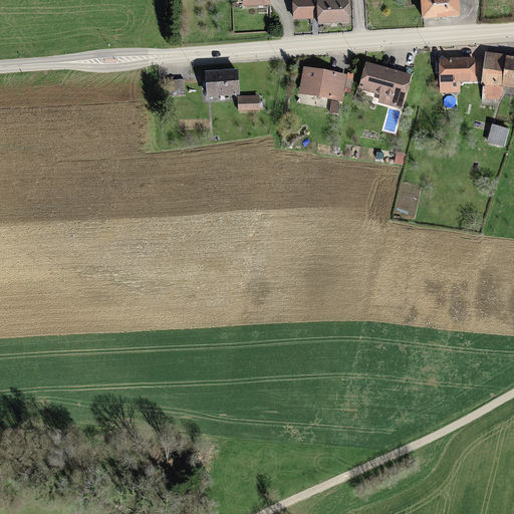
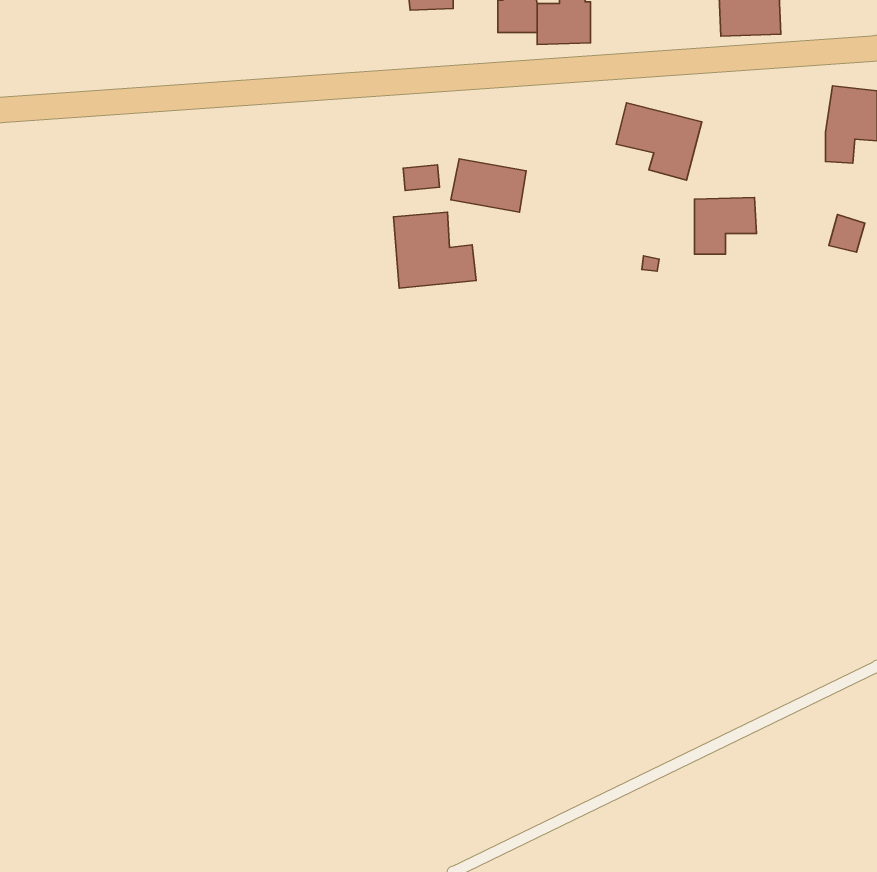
building: [441,55,477,88] -> [695,198,756,254]
building: [300,65,344,96] -> [451,159,526,212]
building: [203,71,234,97] -> none
building: none -> [394,212,476,288]

